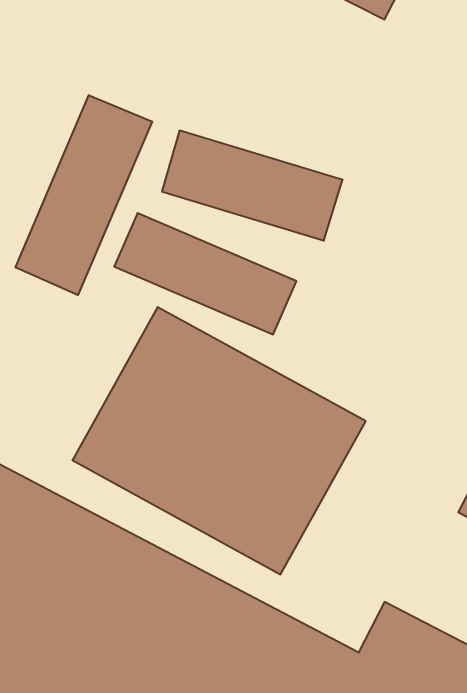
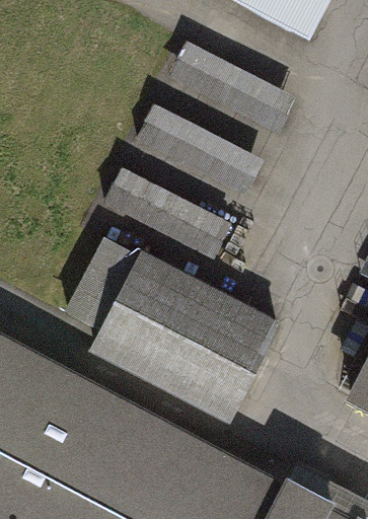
building: none -> [171,49,303,137]
building: [16,95,152,295] -> none

